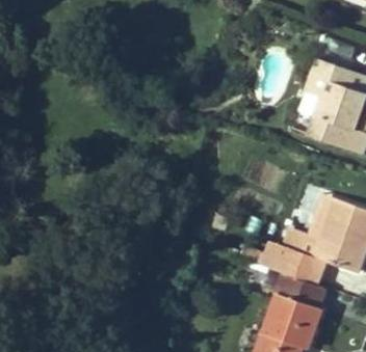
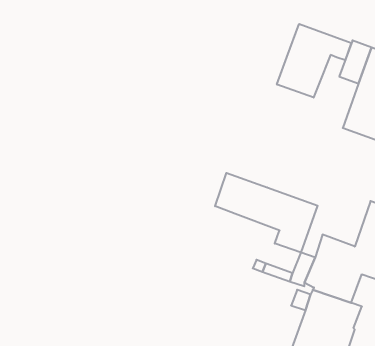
building: none -> [277,24,351,98]
building: none -> [215,173,318,253]

